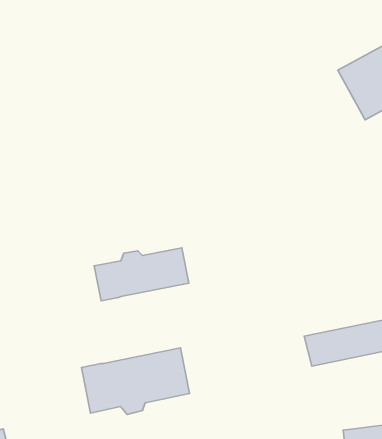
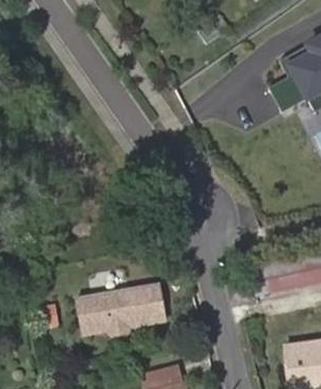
building: [94,248,189,301] -> none

